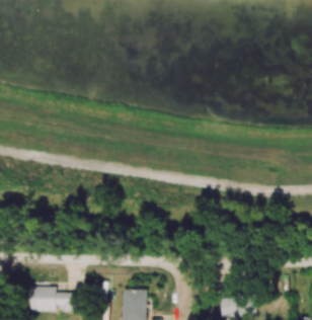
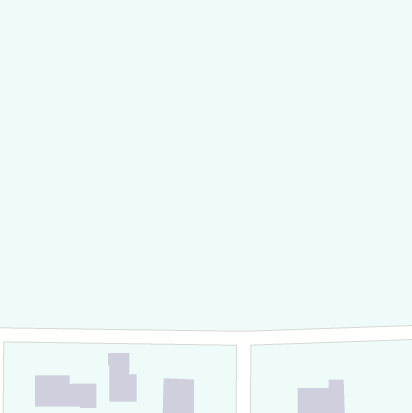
building: none -> [107,352,137,402]

